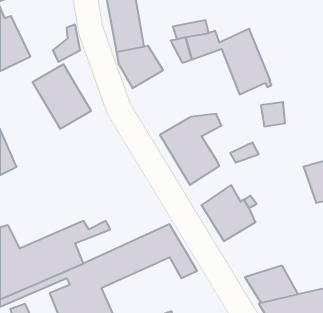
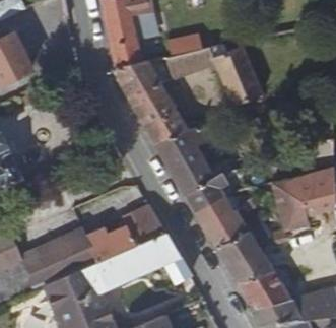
building: [33,64,91,129] -> [129,84,185,146]
building: none -> [184,172,226,213]
building: none -> [255,177,307,237]
building: none -> [74,206,164,269]
building: none -> [216,229,272,282]

